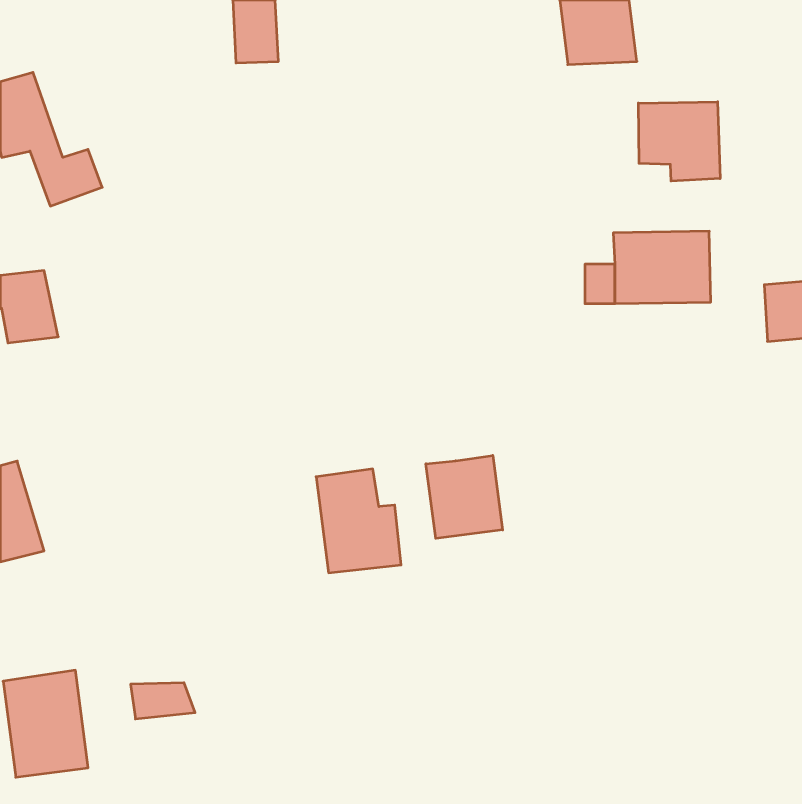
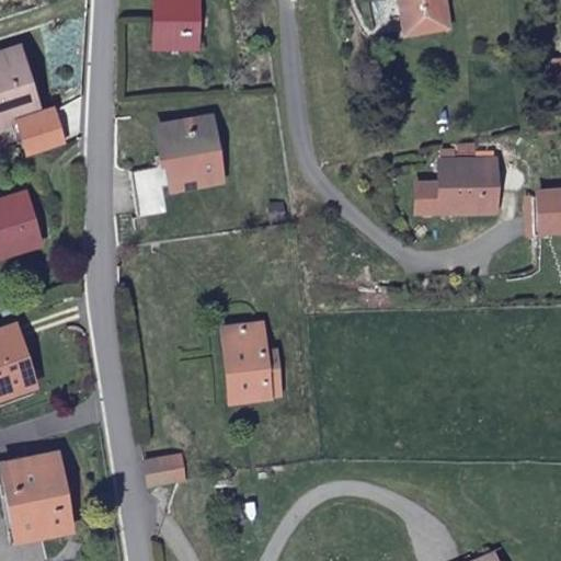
building: [638,102,720,181] -> none
building: none -> [131,121,218,217]
building: [426,455,503,538] -> none
building: [131,683,195,719] -> [146,451,191,477]

